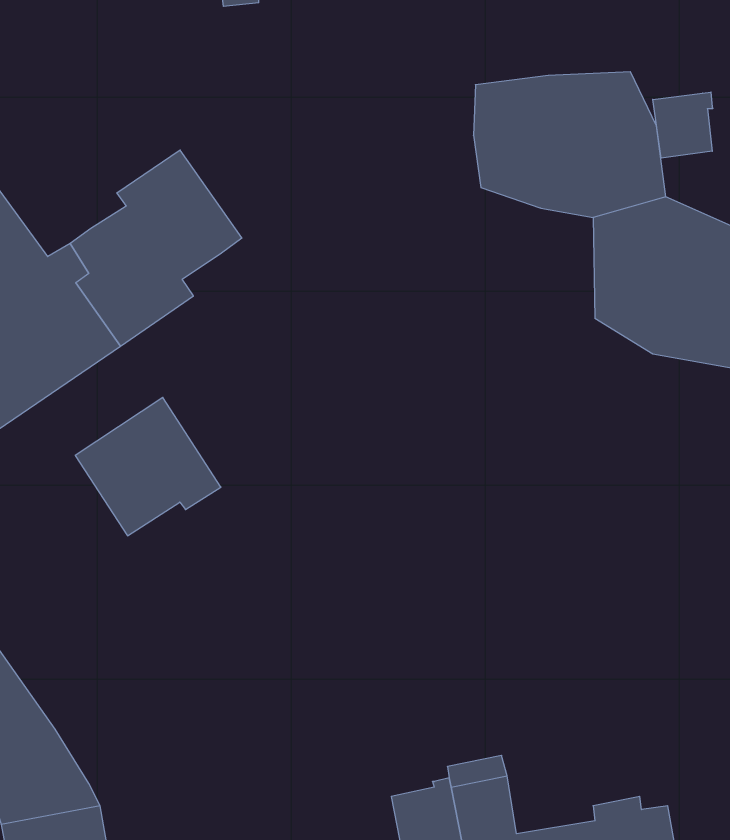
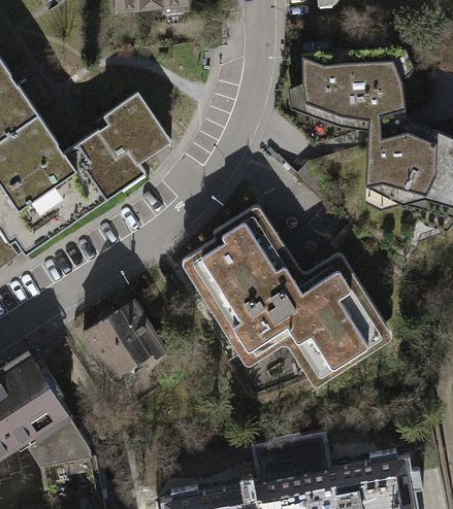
building: [653,92,713,158] -> none
building: none -> [192,214,382,380]
building: [75,397,221,536] -> [83,302,163,378]

